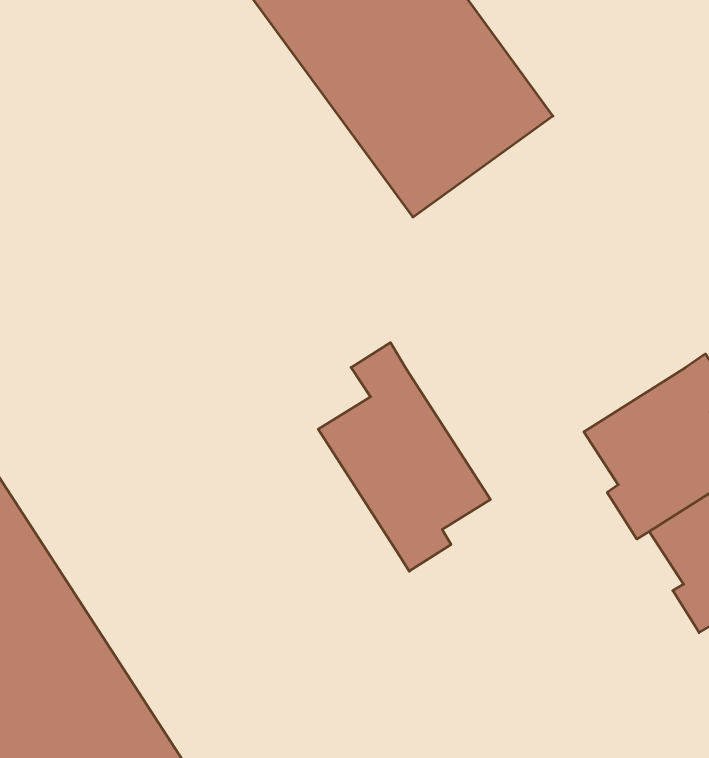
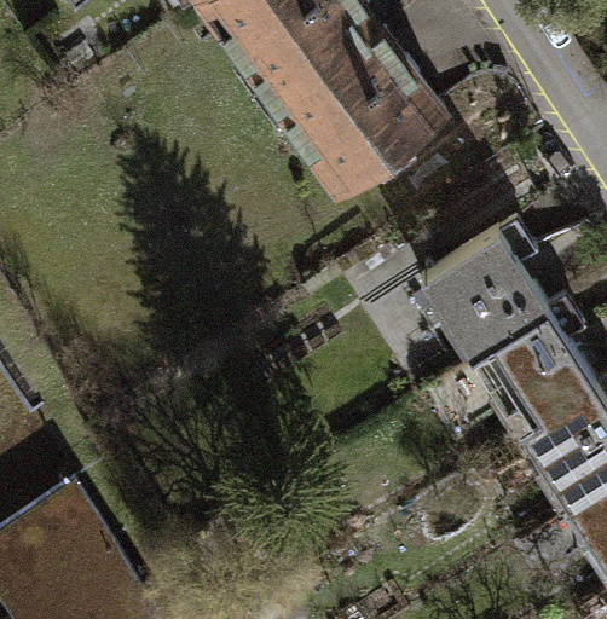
building: none -> [424,224,551,368]
building: [318,343,490,571] -> none

